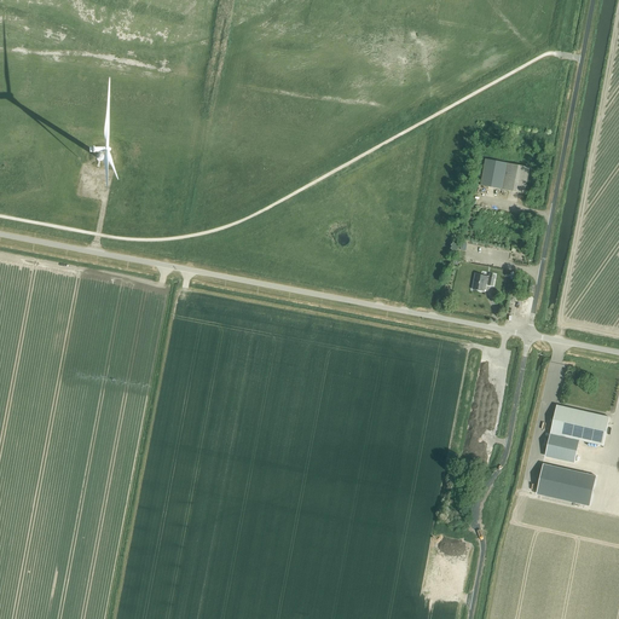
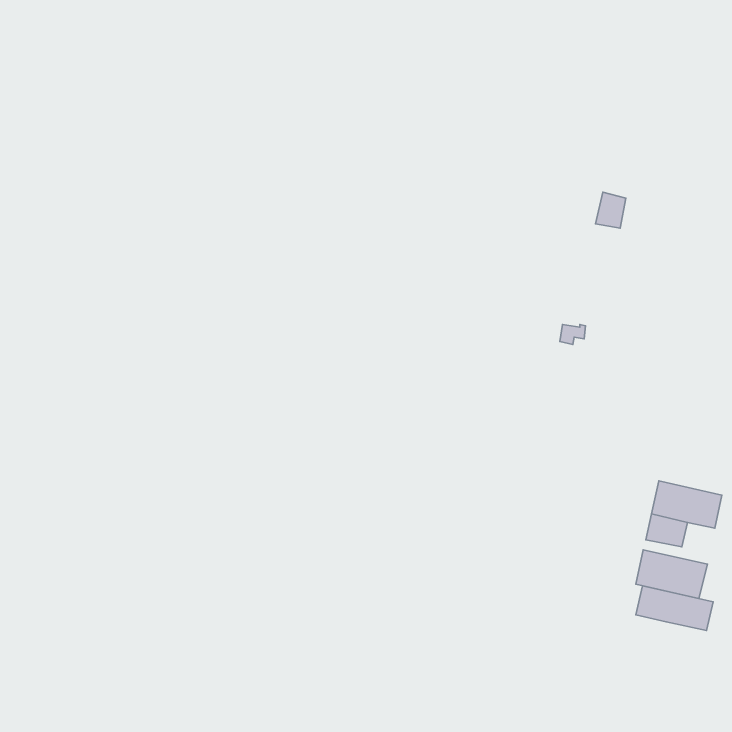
building: [479,158,508,189] -> none
building: none -> [636,586,713,630]

